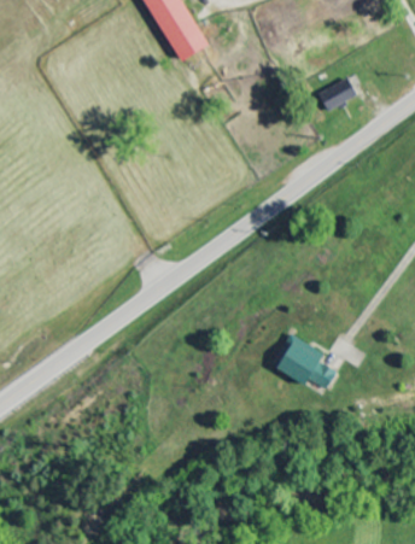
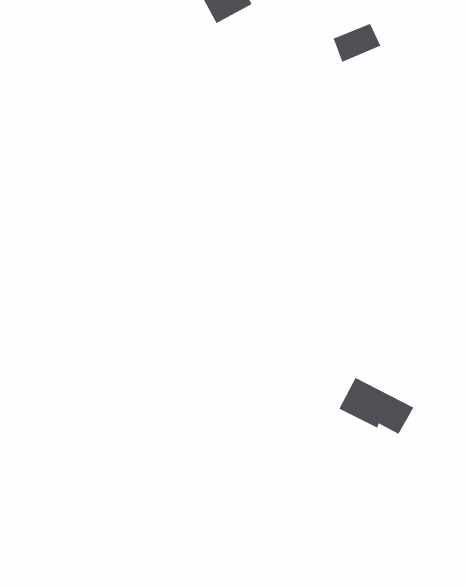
building: [317,78,356,110] -> [333,23,381,63]

